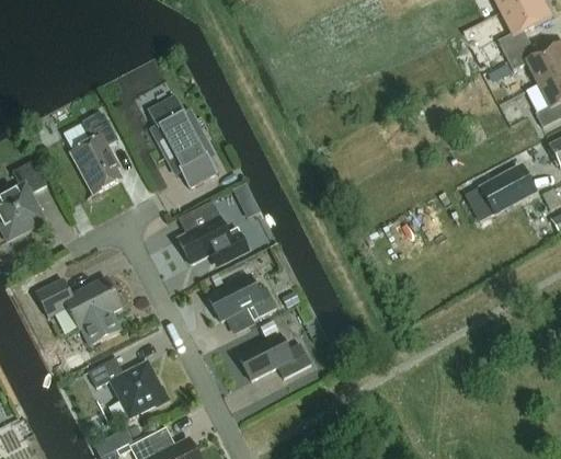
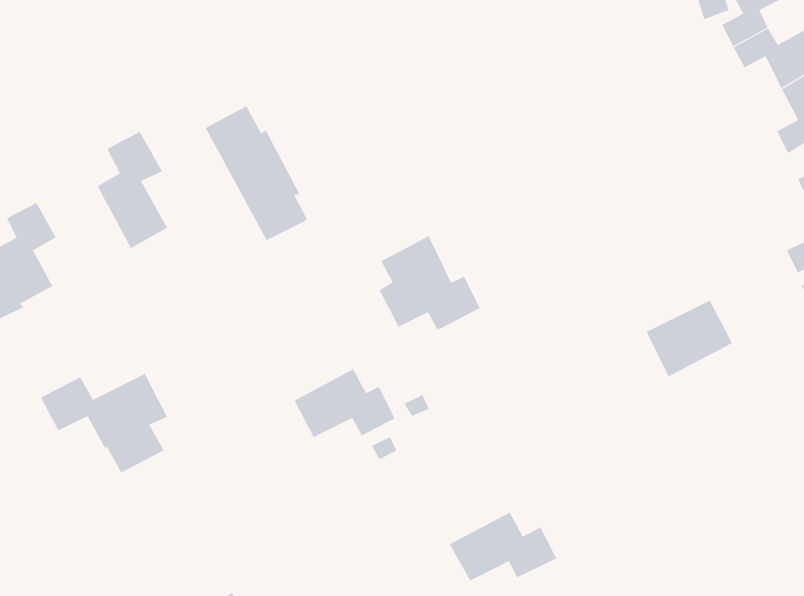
building: [478,162,537,215] -> [646,300,733,377]
building: [178,200,247,265] -> [379,235,481,331]
building: [237,332,310,379] -> [449,512,557,581]
building: [88,357,169,417] -> none

